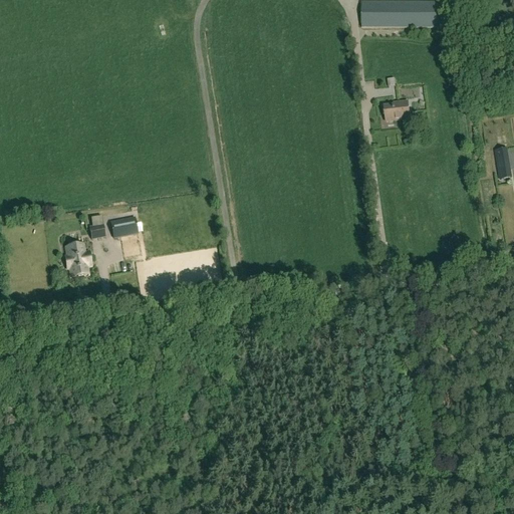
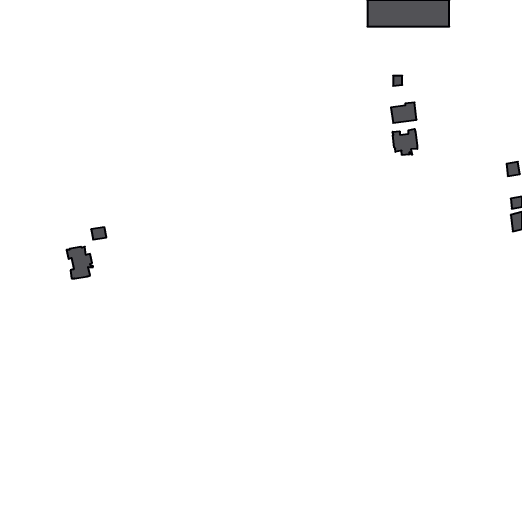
building: none -> [393,129,417,155]
building: [109,216,137,236] -> none

